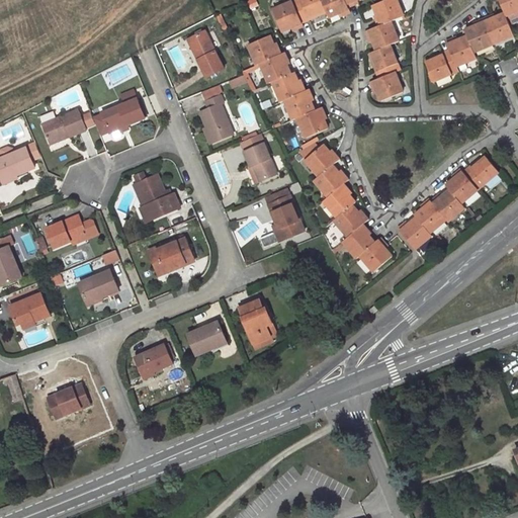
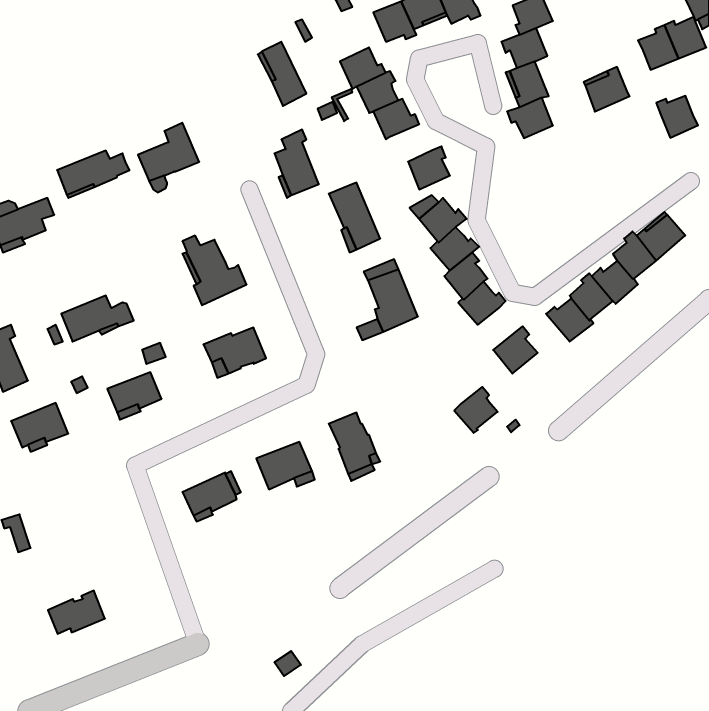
building: [445,35,476,66] -> [656,96,698,138]
building: [283,88,314,119] -> none
building: [342,224,373,257] -> [454,387,498,433]
building: [47,383,88,415] -> [48,591,105,634]

